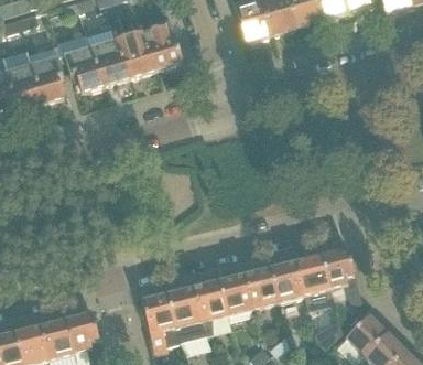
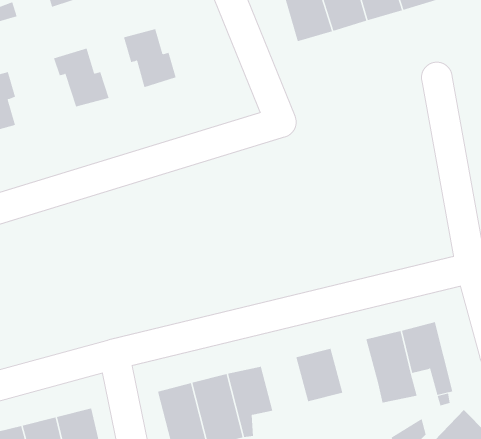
building: [140,24,182,67] -> none
building: [86,26,131,83] -> none
building: [31,55,64,103] -> none
building: [270,261,304,301] -> none
building: [218,275,252,314] -> none

